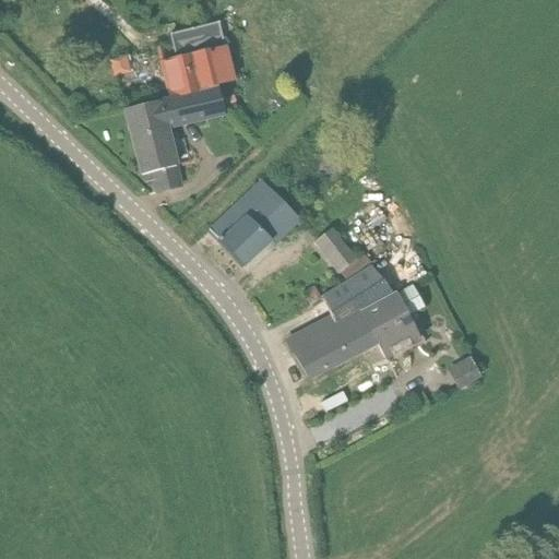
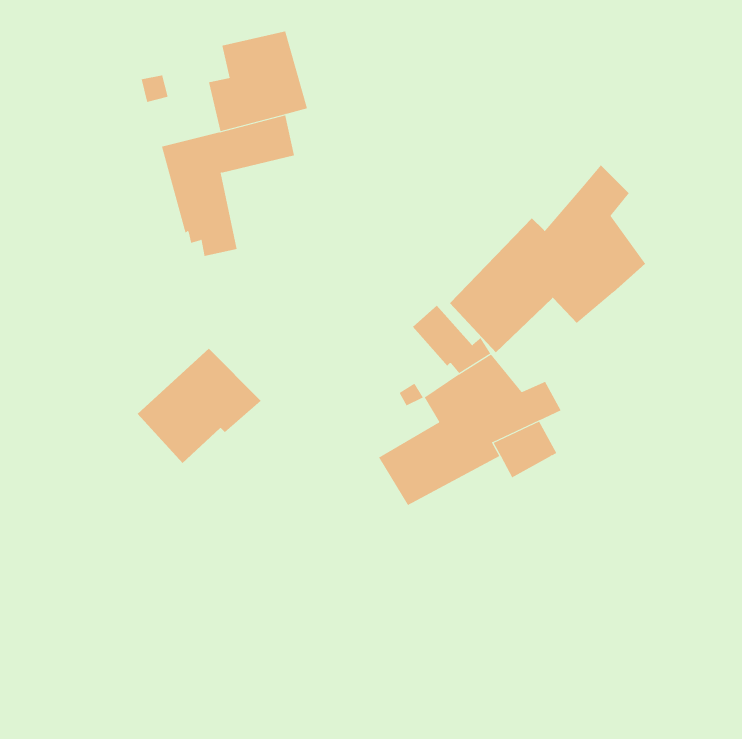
building: none -> [449,165,646,353]
building: [209,180,301,266] -> [137,348,262,464]
building: [447,355,481,388] -> none

